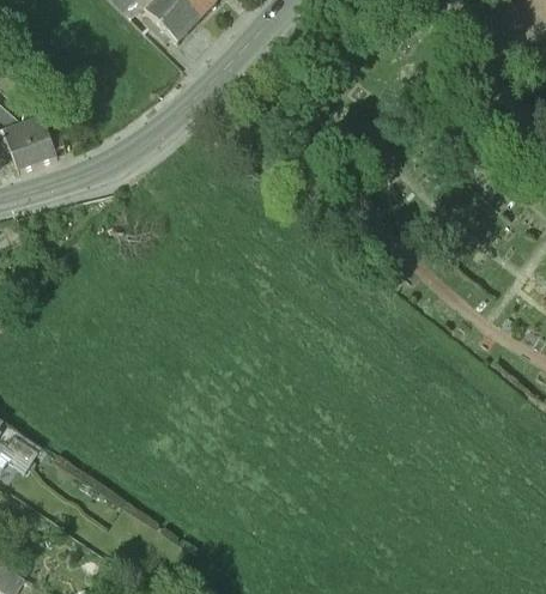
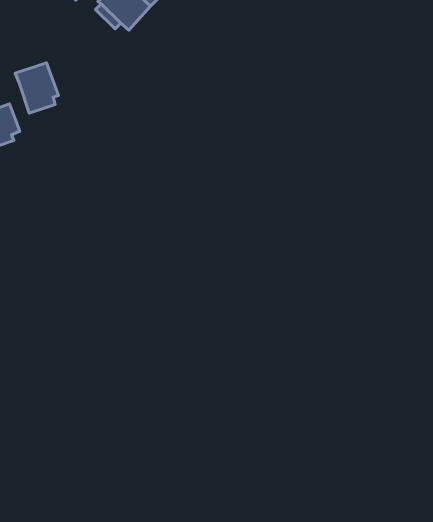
building: none -> [15,63,59,113]

